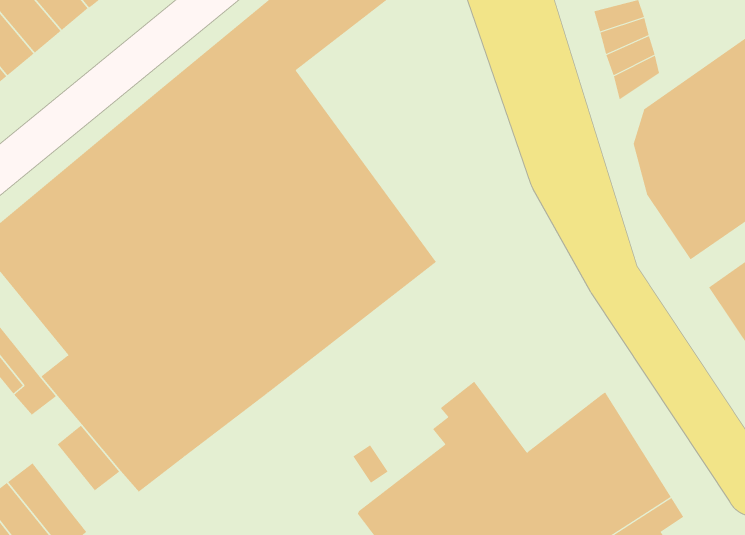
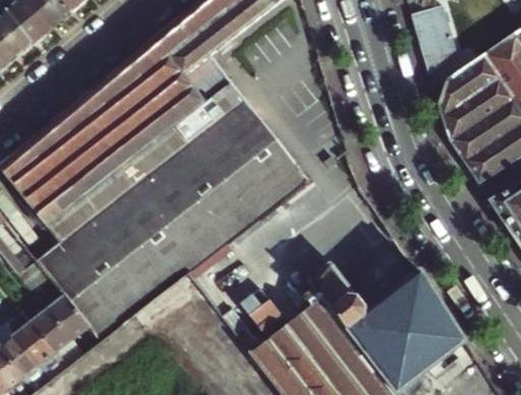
building: none -> [34,305,75,349]

